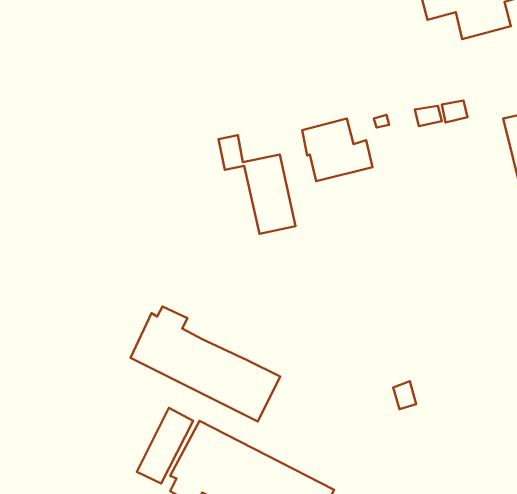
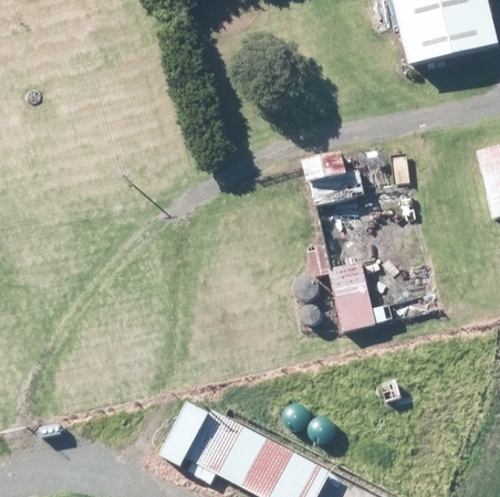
building: [218,135,295,234] -> [308,246,374,331]
building: [130,307,280,422] -> none

